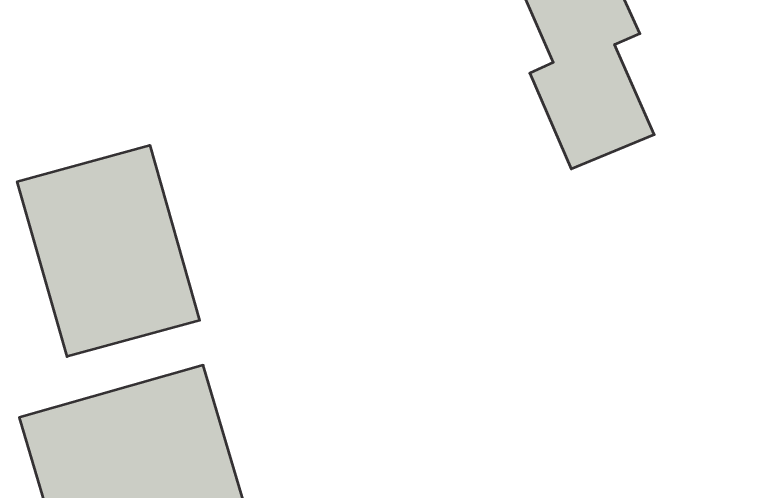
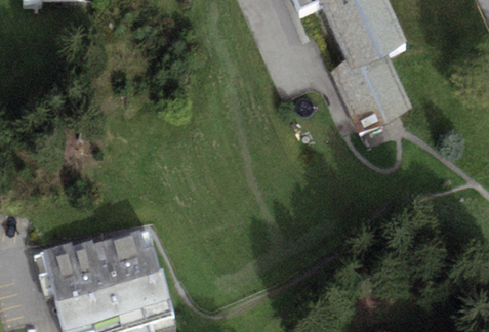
building: [17,145,200,357] -> none

